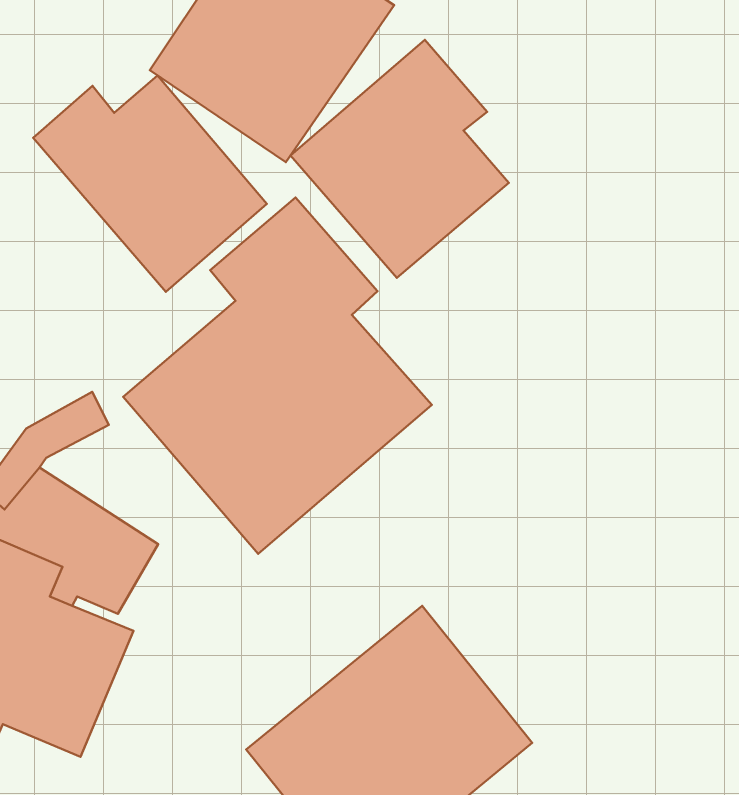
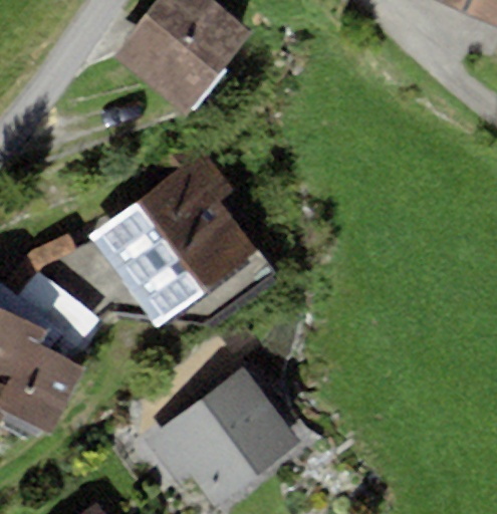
building: [290,40,509,278] -> none
building: [33,75,267,292] -> none

